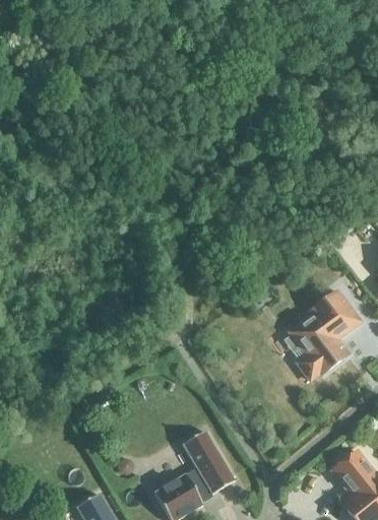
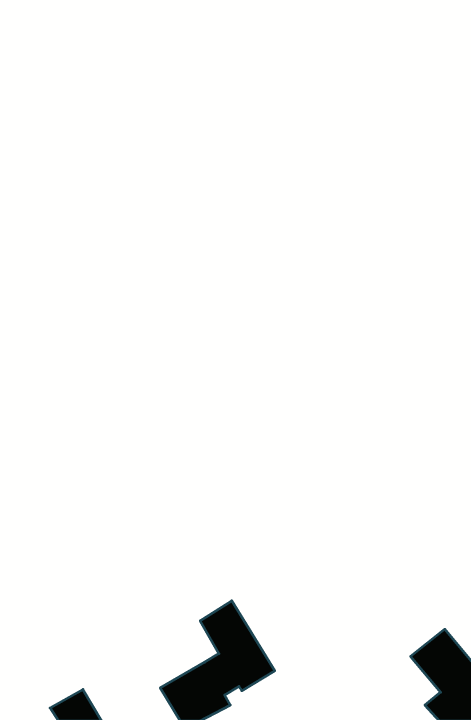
building: [289,290,360,380] -> none

